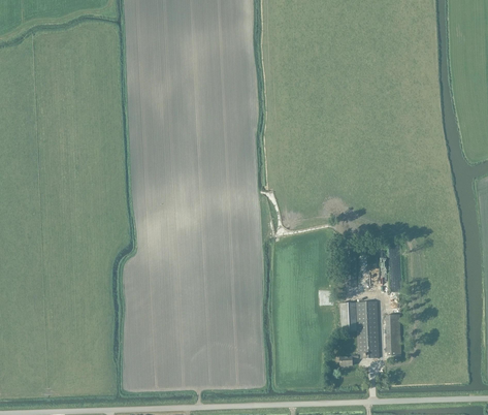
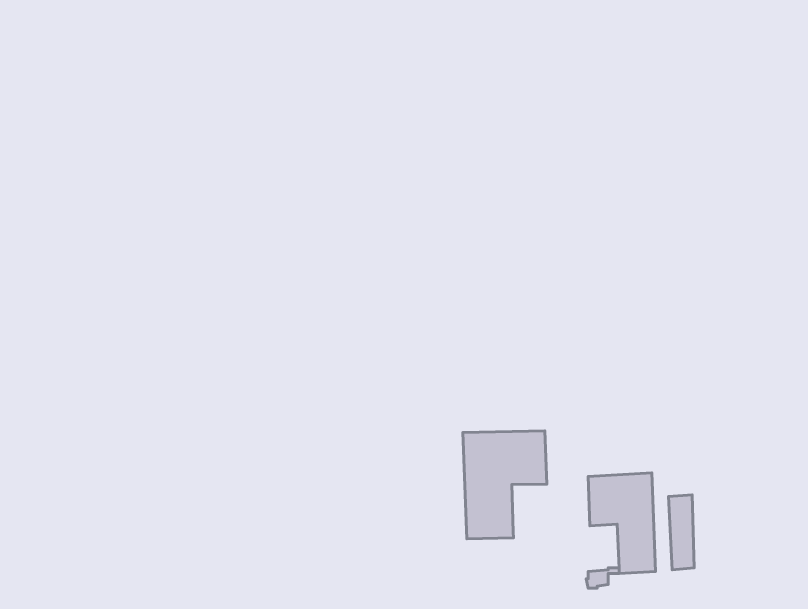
building: none -> [463,431,547,539]

